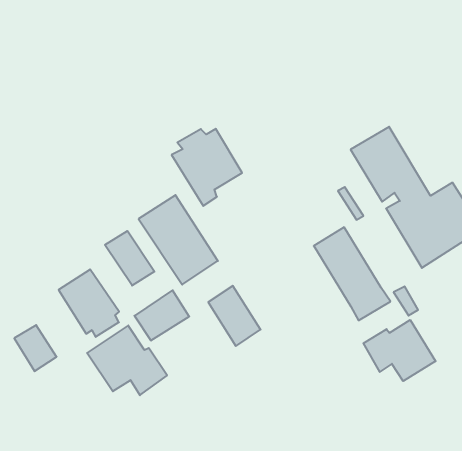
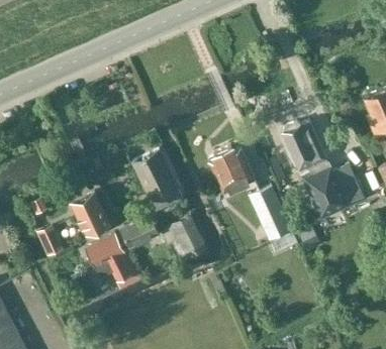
building: [172,129,242,206] -> [208,146,255,199]
building: [105,231,154,286] -> none
building: [363,320,436,381] -> none

